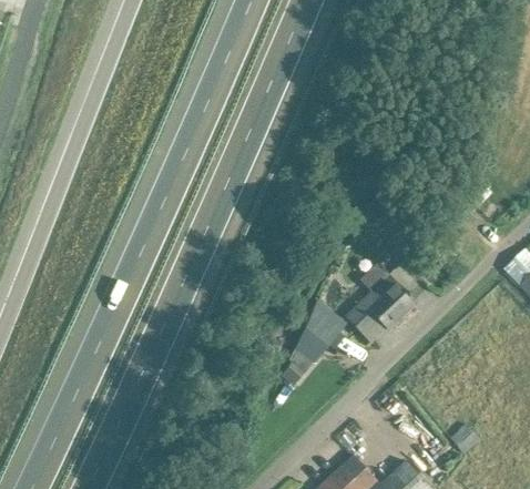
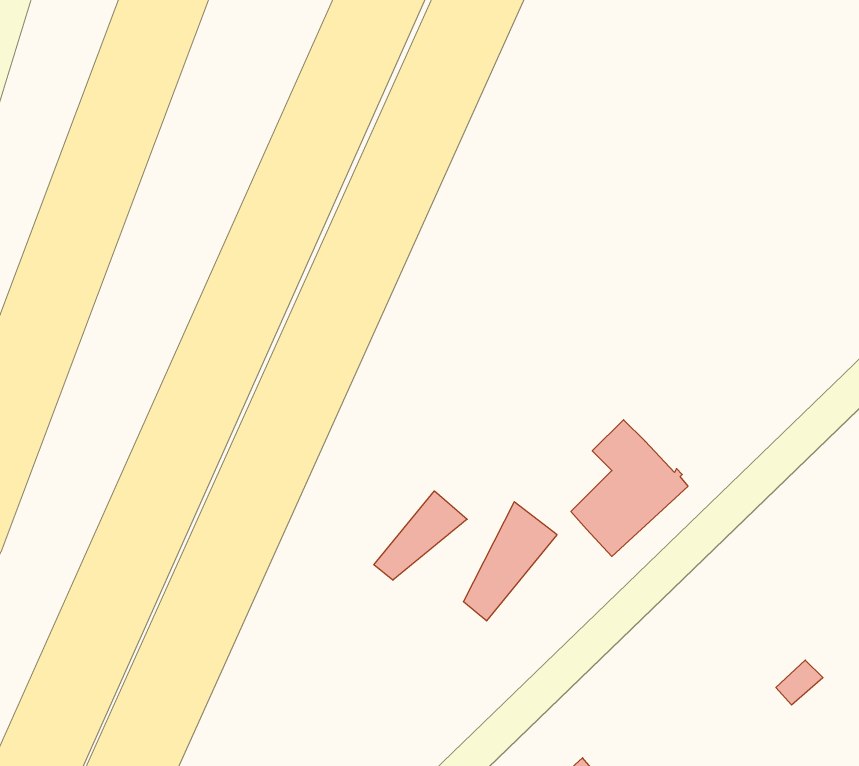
building: none -> [374,491,467,580]

